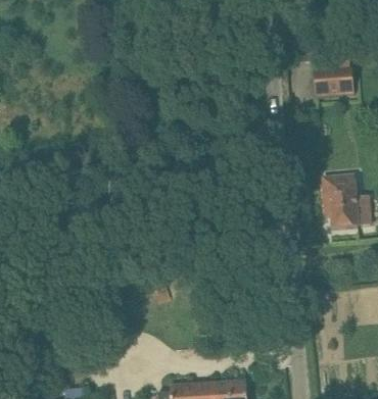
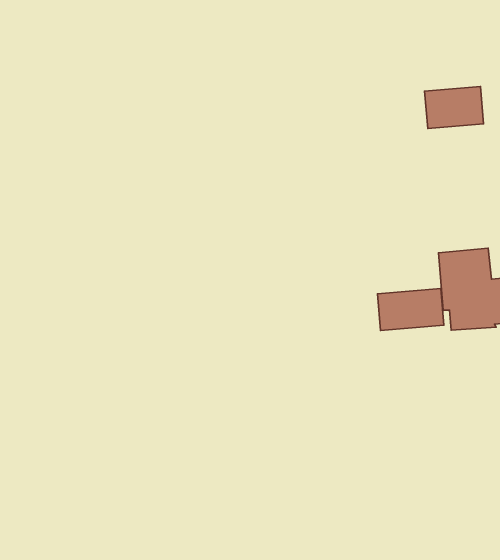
building: none -> [378,289,444,330]

